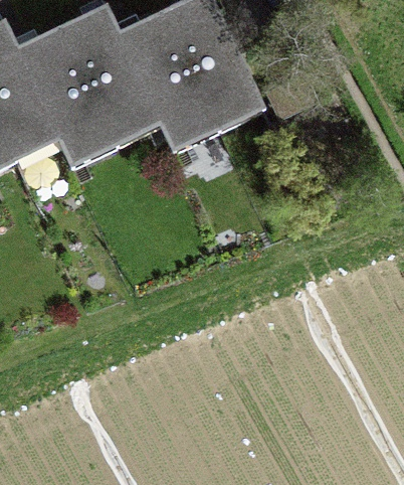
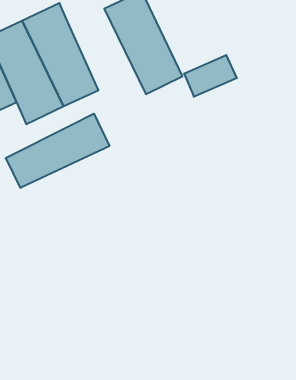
building: [123,17,217,145] -> none
building: none -> [6,114,109,188]

